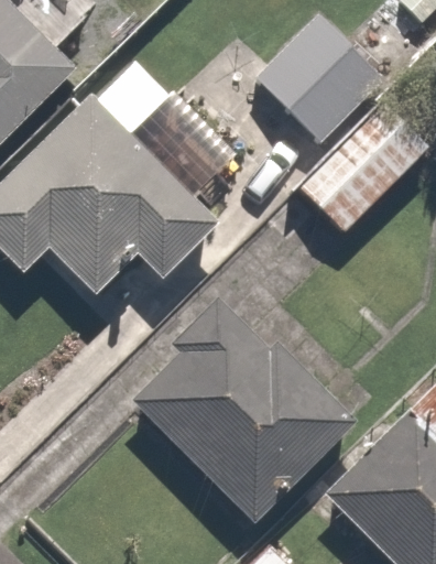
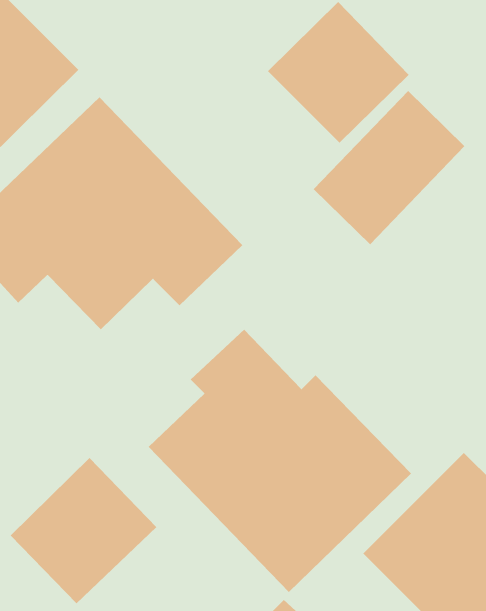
building: none -> [10,457,157,604]

